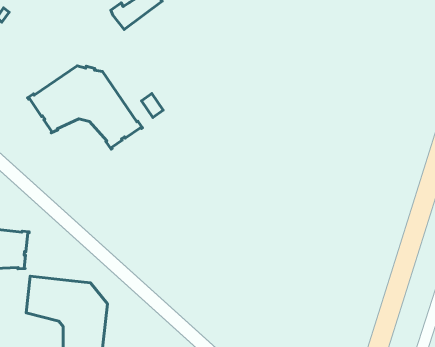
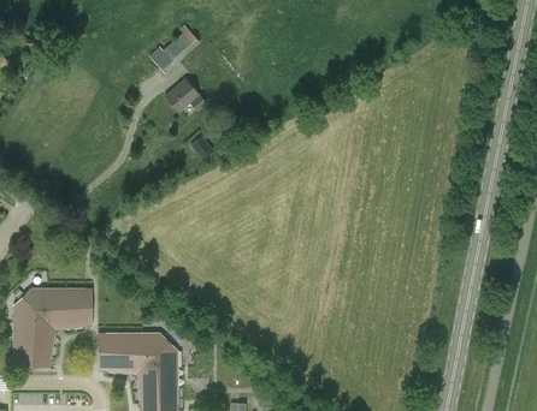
building: none -> [165,78,205,112]
building: [28,66,142,149] -> none

